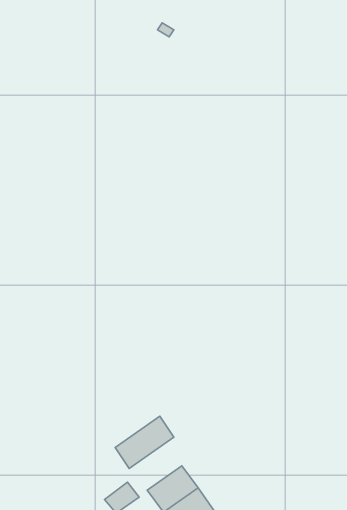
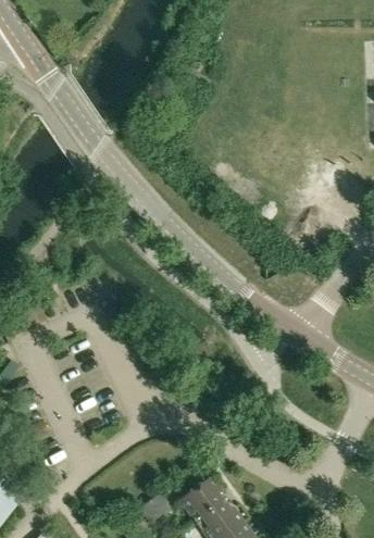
building: [115,416,174,469] -> none

